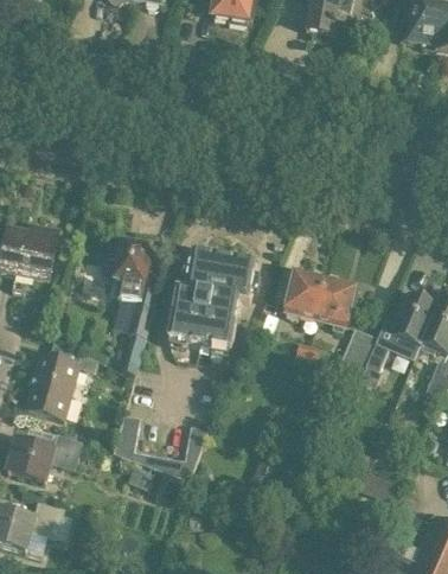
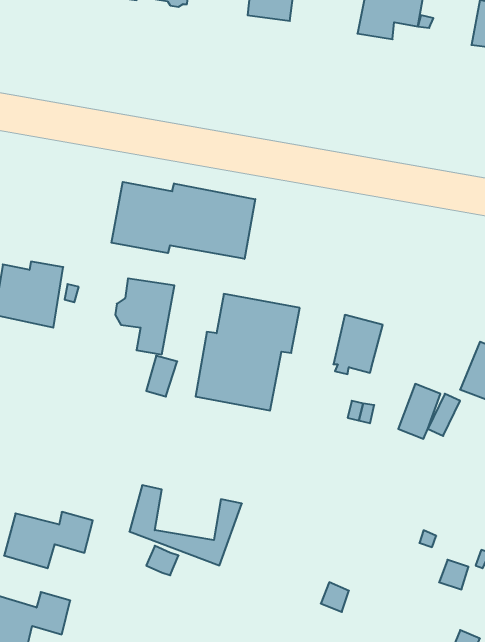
building: none -> [111,182,255,259]
building: [316,278,358,330] -> none
building: [26,338,97,416] -> none

